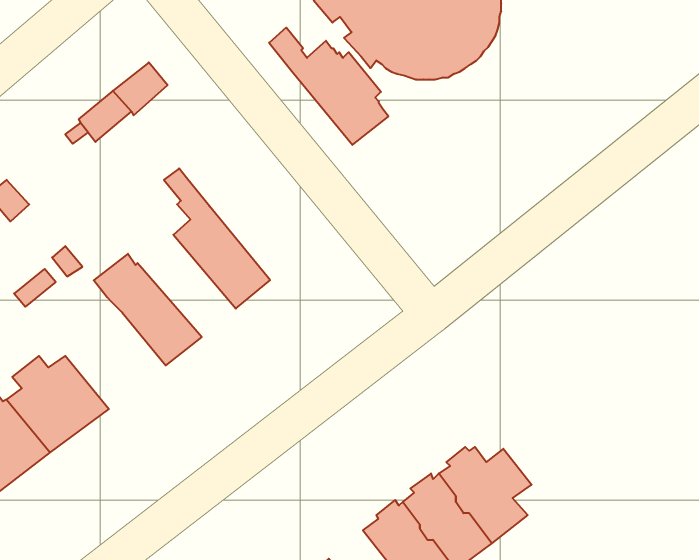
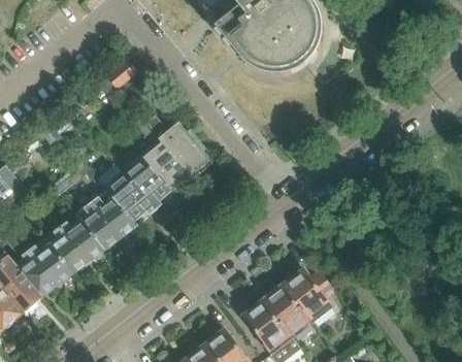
building: [269,28,388,145] -> [145,116,210,179]
building: none -> [119,155,172,210]
building: none -> [73,191,134,250]

